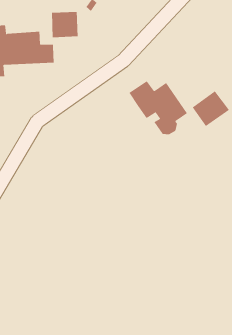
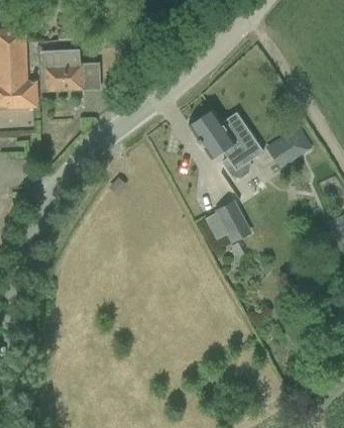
building: [52,11,78,38] -> none
building: none -> [203,200,252,243]

